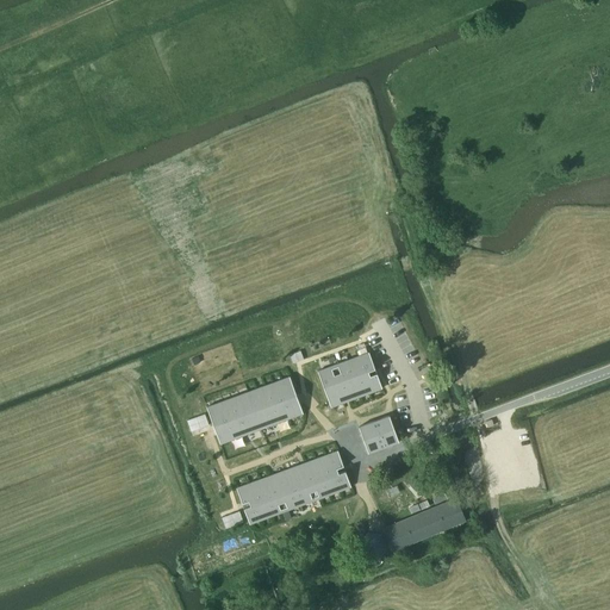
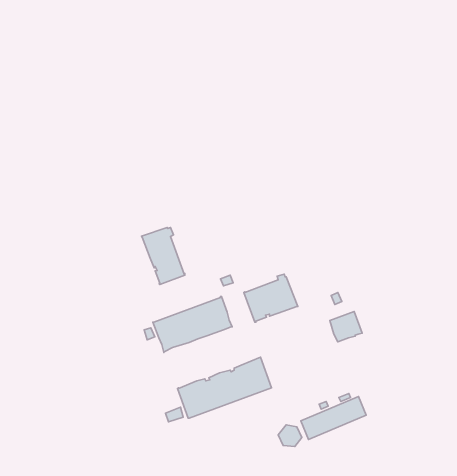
building: none -> [142,227,185,285]
building: [359,416,398,453] -> [330,312,362,342]

